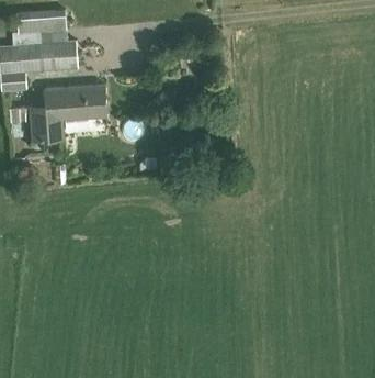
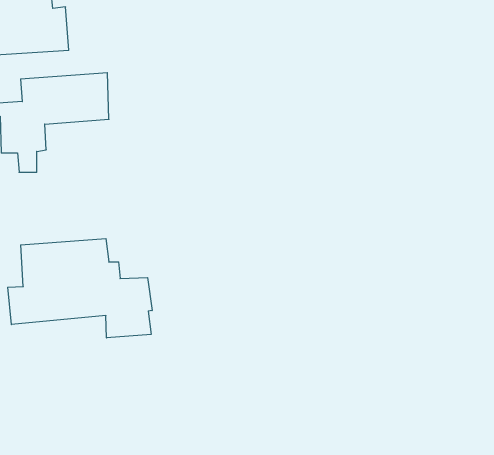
building: none -> [8,239,152,338]

